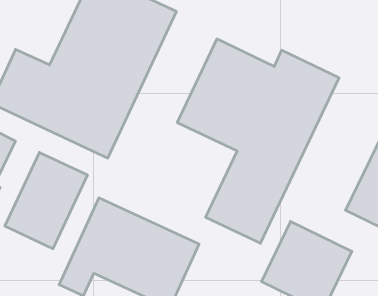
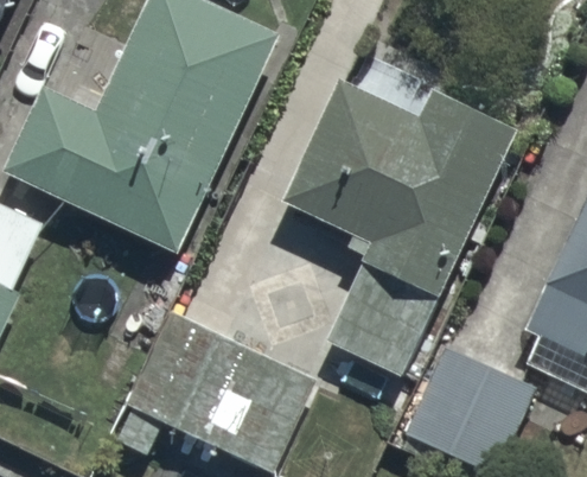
building: [5,152,87,249] -> none

